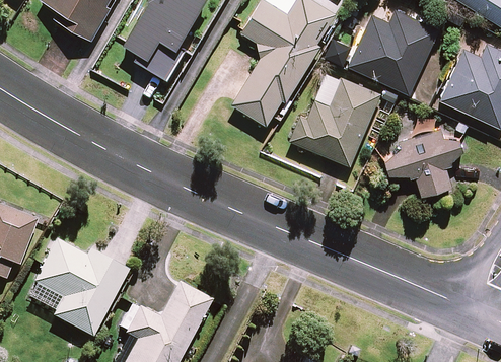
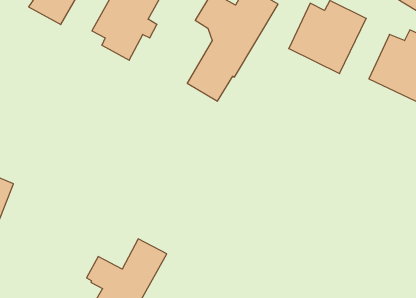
building: [290,78,379,166] -> none
building: [380,127,467,197] -> none
building: [28,240,126,337] -> none

